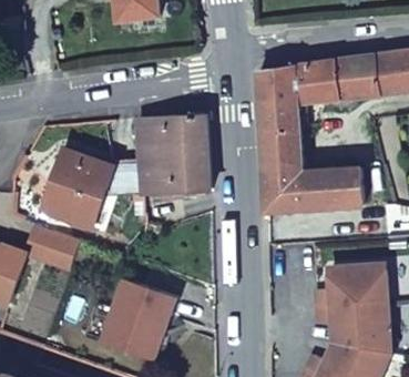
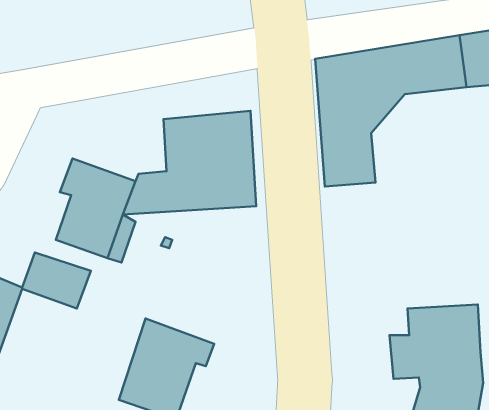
building: [264,165,362,212] -> none

